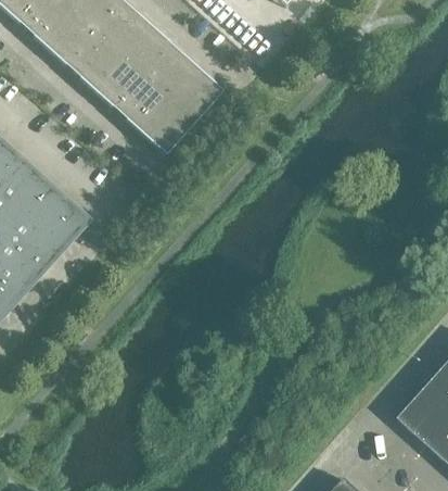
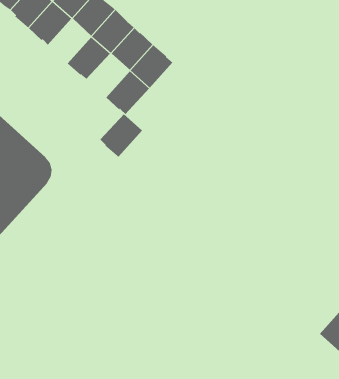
building: [72,38,124,92] -> none
building: [118,80,170,134] -> [100,113,143,158]

